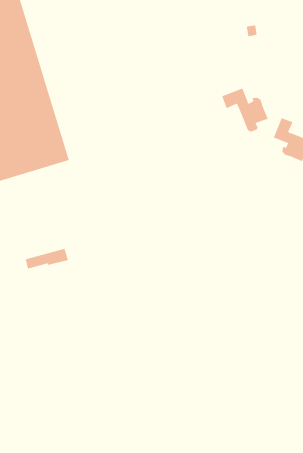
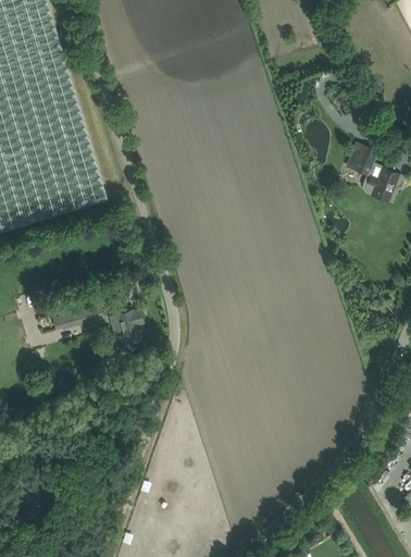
building: [221,87,269,132] -> none
building: none -> [116,308,144,359]

